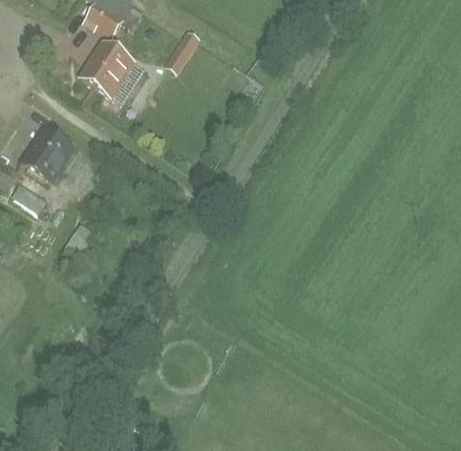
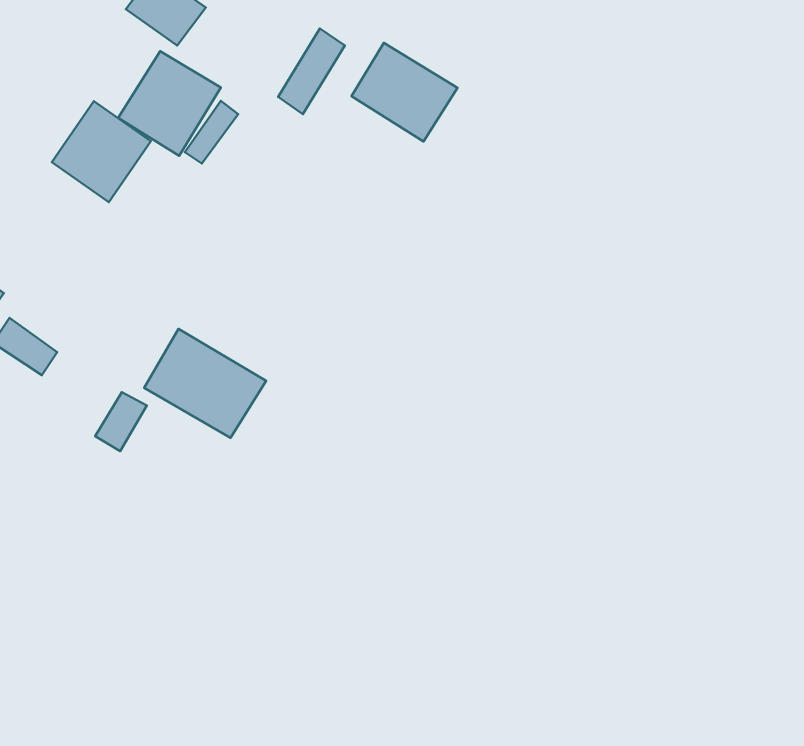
building: none -> [352,43,457,142]
building: [20,126,73,180] -> [52,101,151,202]
building: none -> [144,329,266,438]

